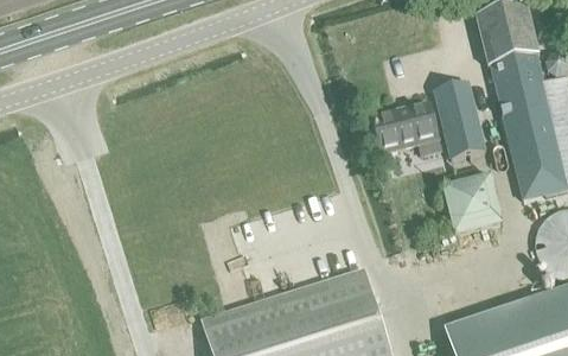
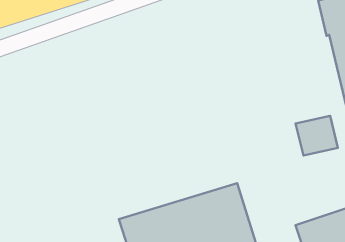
building: [435,83,484,157] -> none
building: [375,102,442,153] -> none

